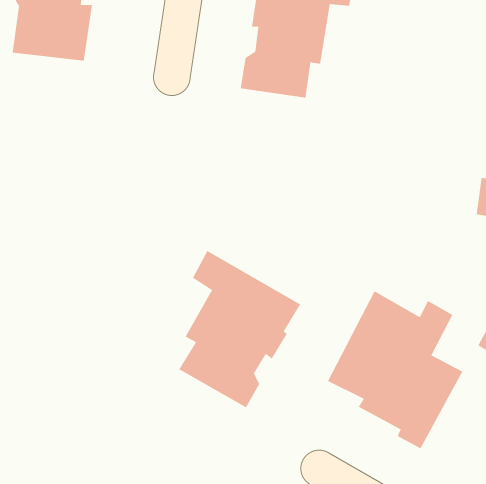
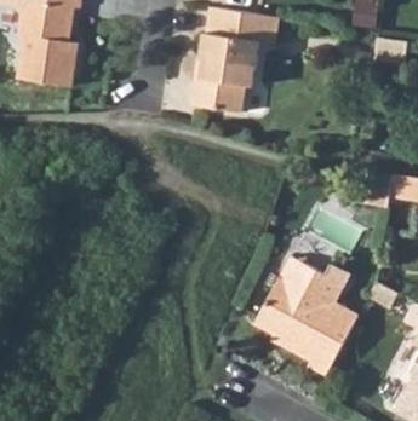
building: [179,250,301,408] -> none

